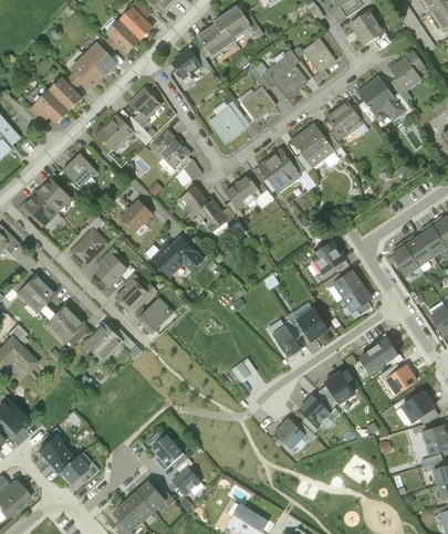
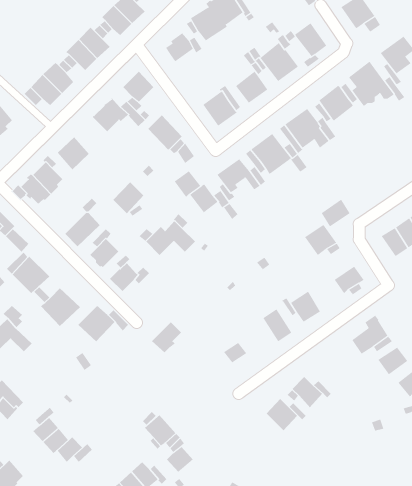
building: [333,270,363,299] -> [321,199,350,227]
building: [138,300,169,332] -> [151,321,182,353]
building: [324,368,356,402] -> none

